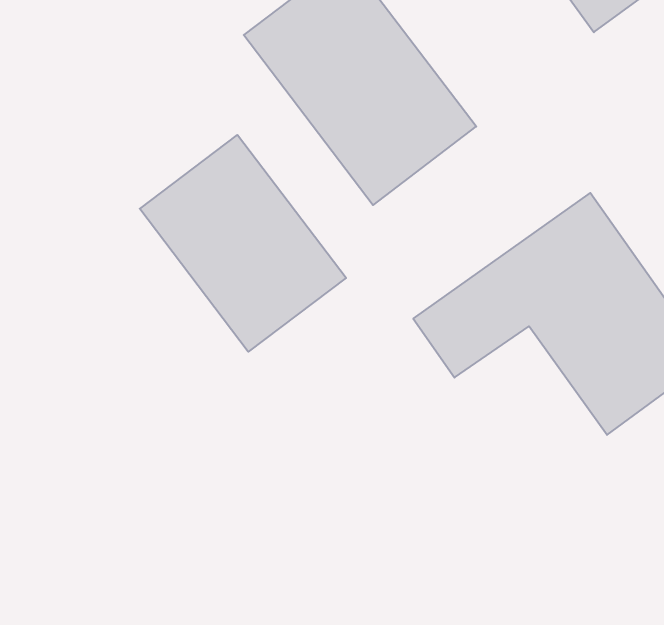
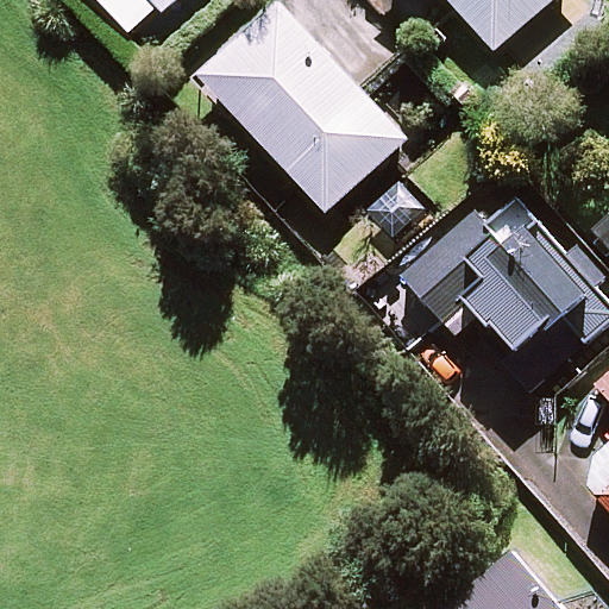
building: [140,135,346,352] -> none

